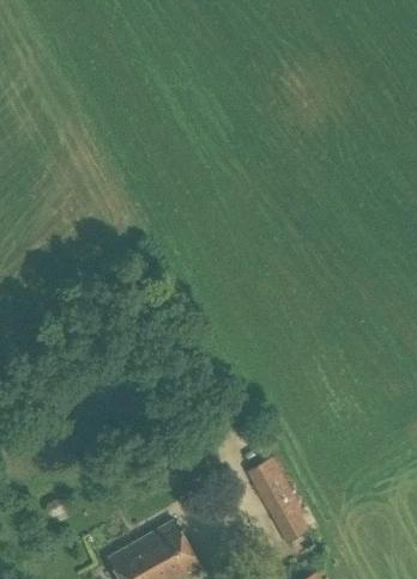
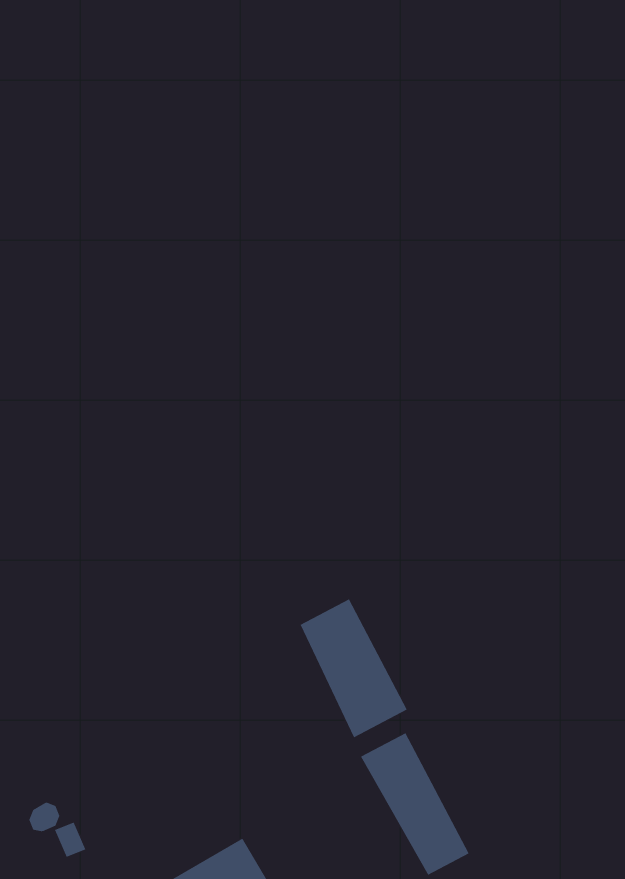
building: none -> [300,599,408,738]

